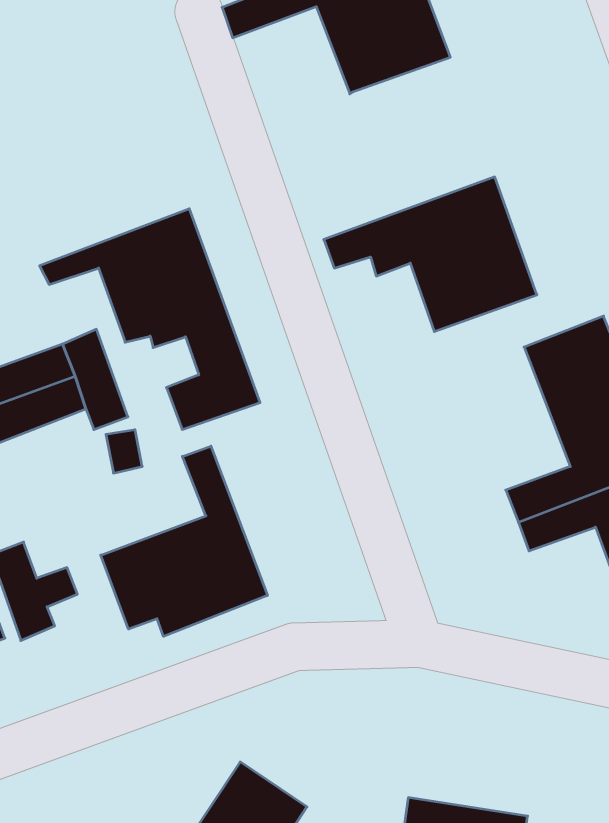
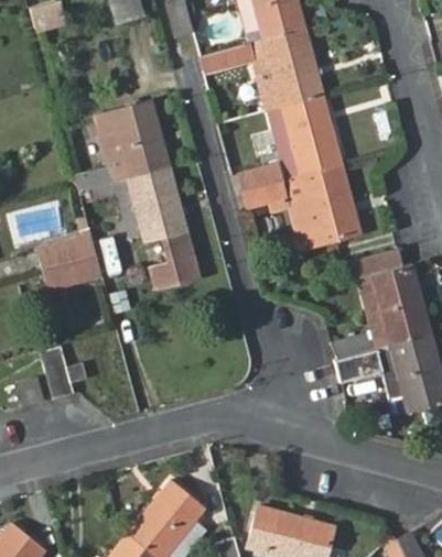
building: none -> [238,96,343,192]
building: none -> [74,103,170,193]
building: [101,446,267,636] -> none

